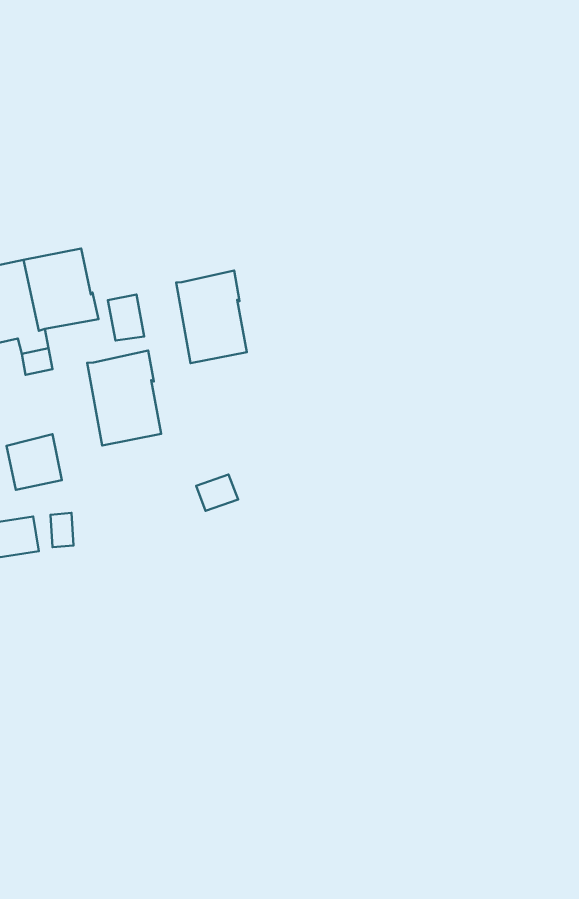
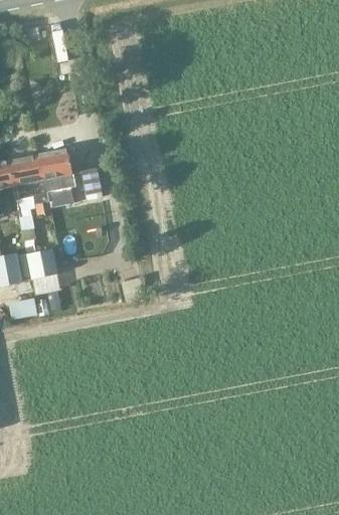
building: [176,271,247,363] -> none
building: [87,350,161,445] -> none

